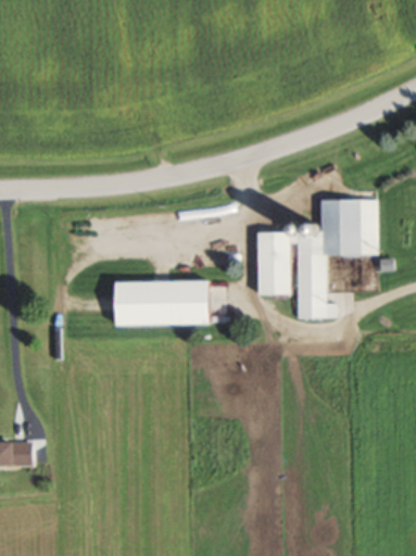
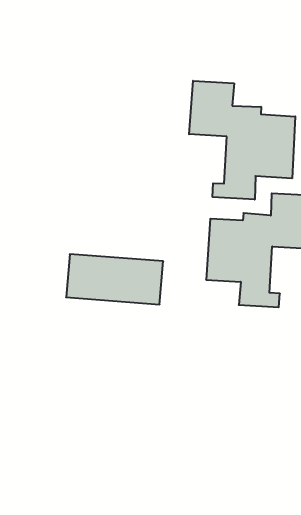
building: none -> [189,81,295,200]

